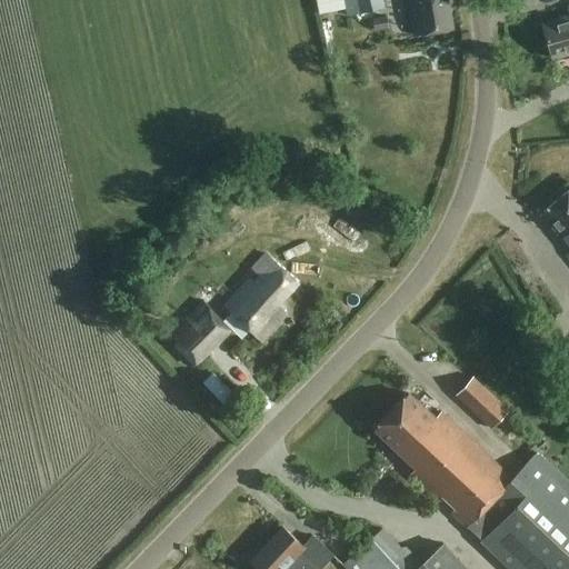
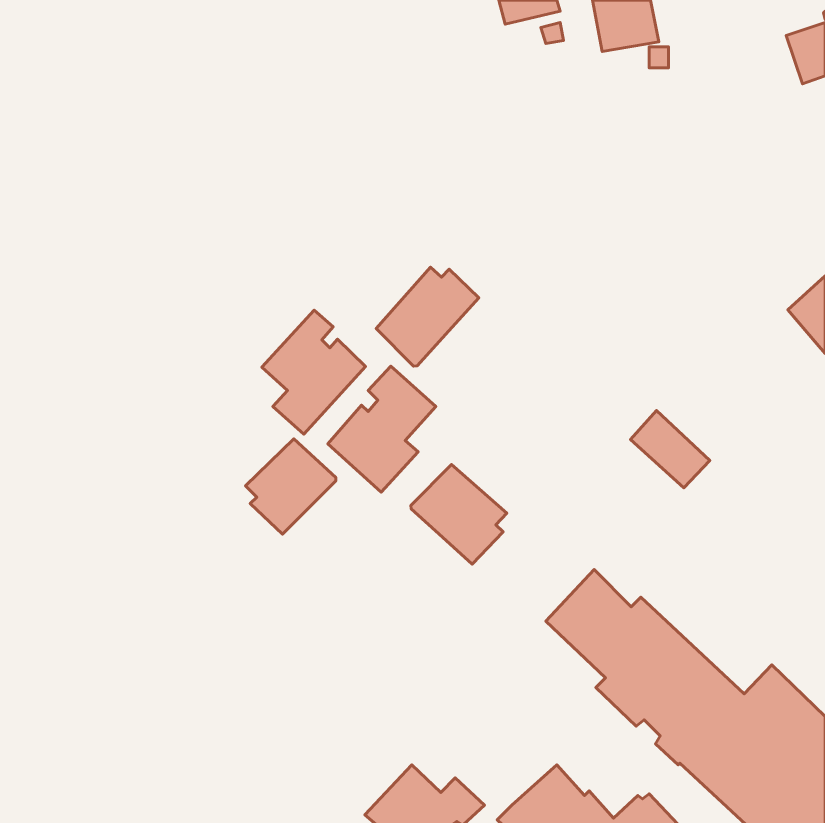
building: none -> [376,267,479,366]
building: none -> [262,310,366,434]
building: none -> [411,464,507,564]
building: [456,377,510,430] -> [631,410,710,488]

